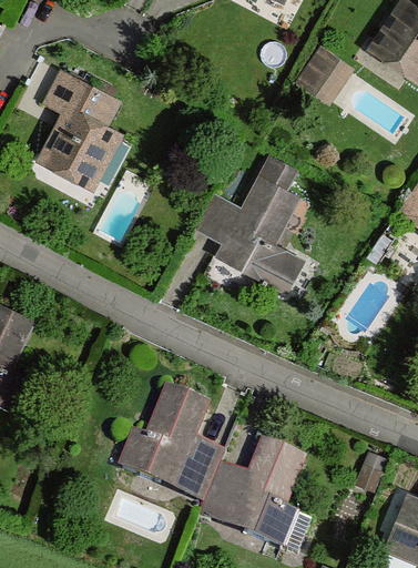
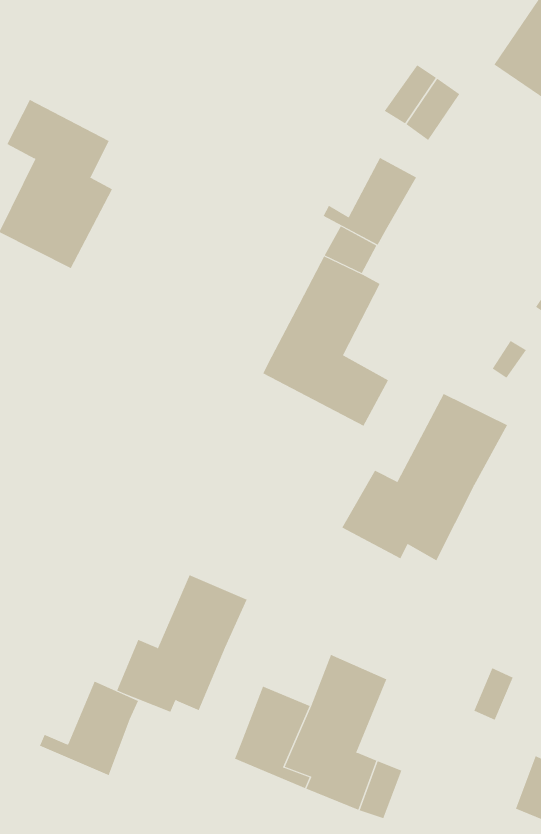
building: none -> [323,157,417,246]
building: [194,193,243,244] -> none
building: none -> [342,393,508,561]
building: [157,438,224,501] -> [39,681,139,776]

